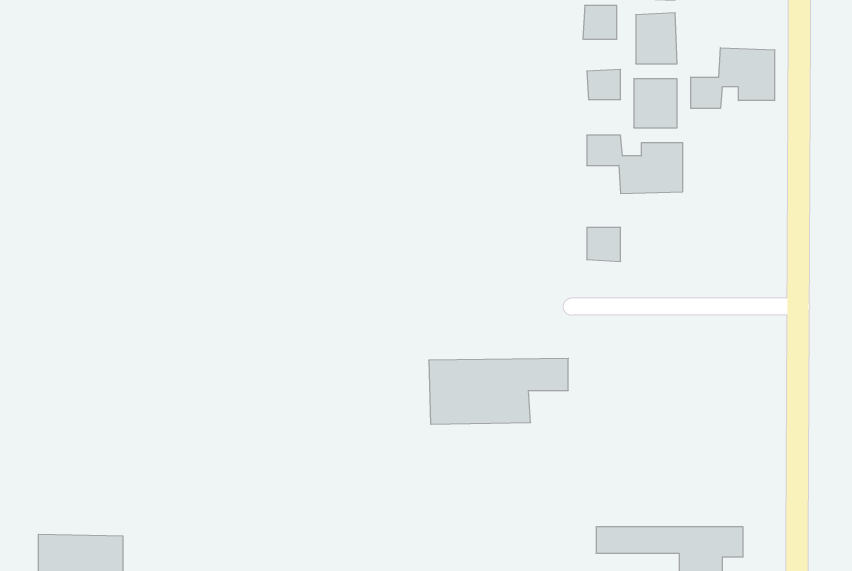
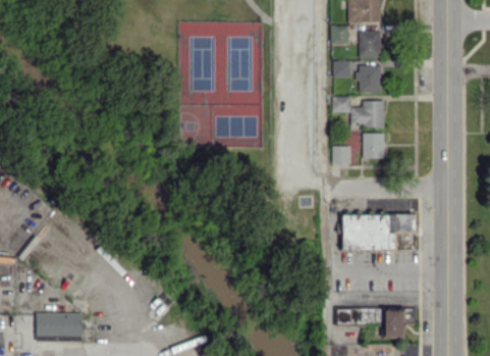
building: [691,48,775,108] -> none
building: none -> [364,134,385,158]
building: [429,358,568,424] -> [340,214,416,250]

